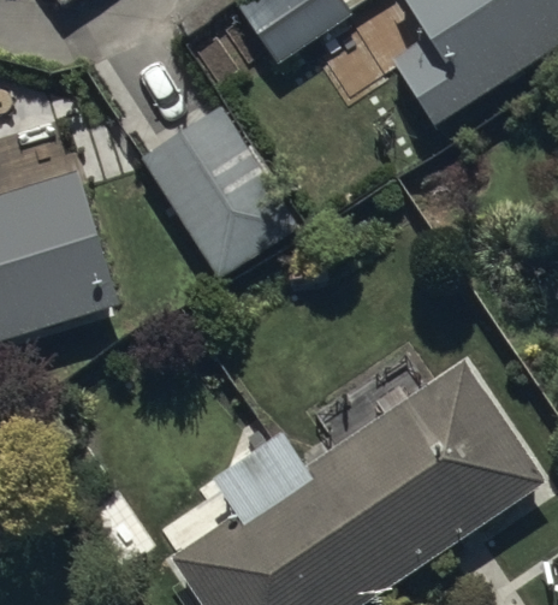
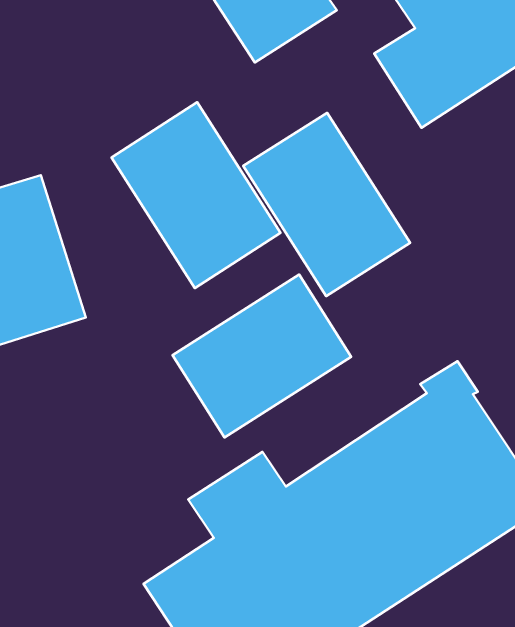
building: none -> [243,113,410,296]
building: none -> [172,274,351,438]

